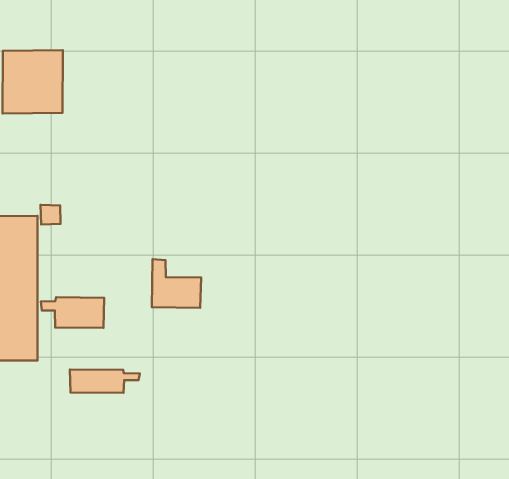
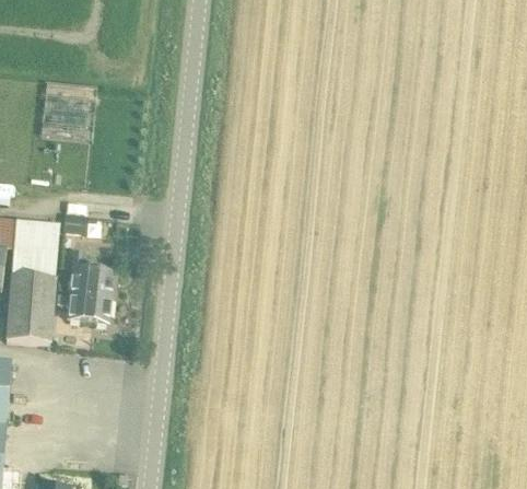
building: [152,259,201,308] -> [69,252,113,296]
building: [70,370,140,393] -> none

